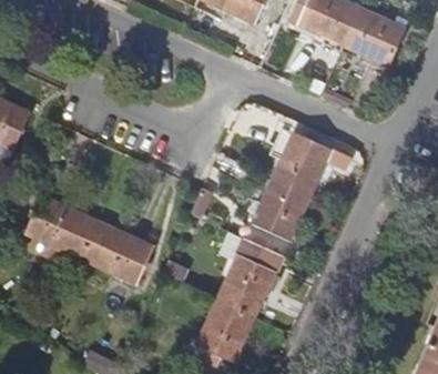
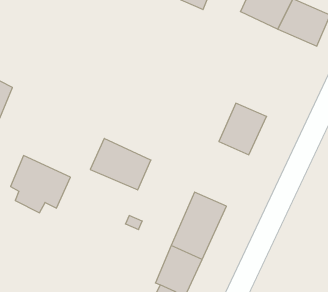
building: [254,178,309,240] -> none
building: [81,220,153,281] -> [90,138,151,190]

